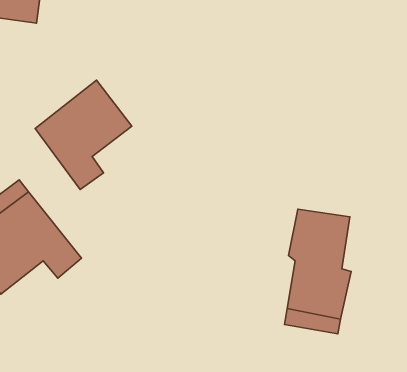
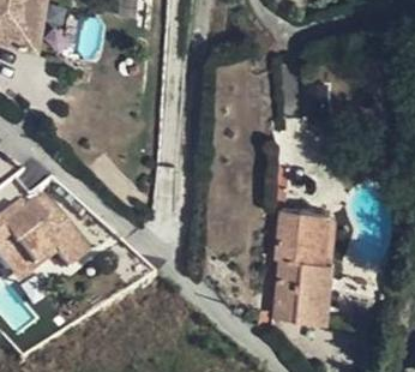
building: [35,80,132,190] -> none

